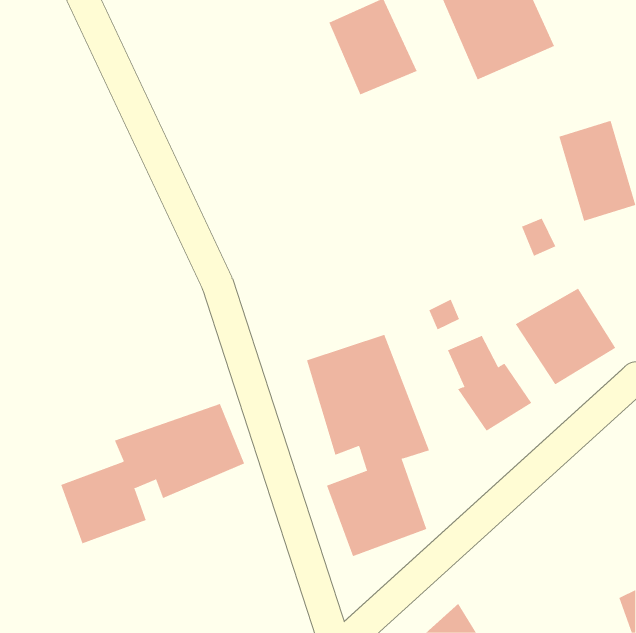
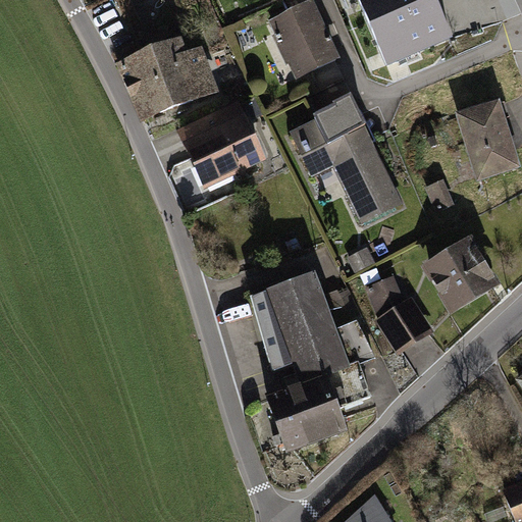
building: none -> [116,37,220,121]
building: none -> [290,96,404,223]
building: none -> [175,97,266,188]
building: [60,403,245,544] -> none

